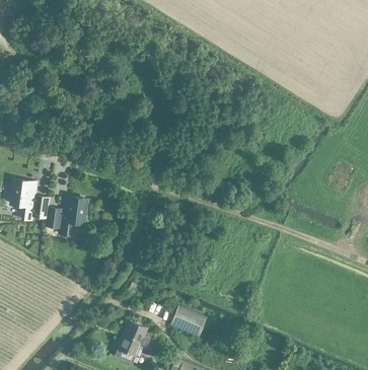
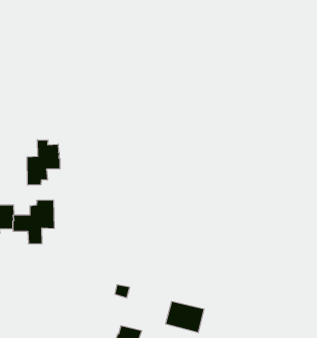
building: none -> [27,140,60,185]

